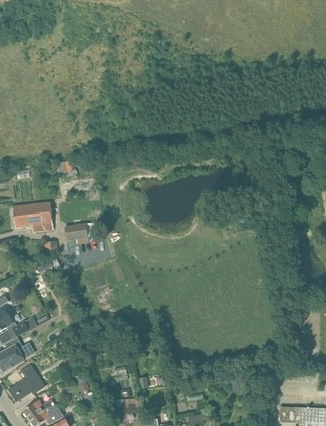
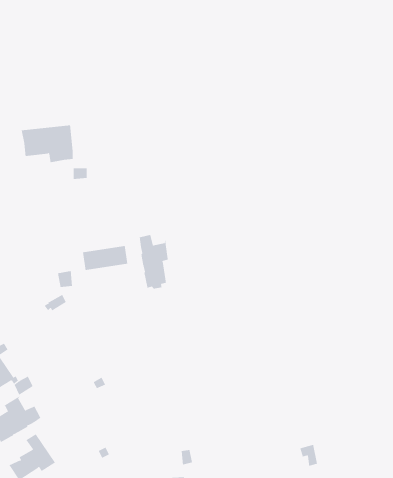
building: [12,202,52,232] -> [21,125,73,163]
building: none -> [139,234,169,289]

